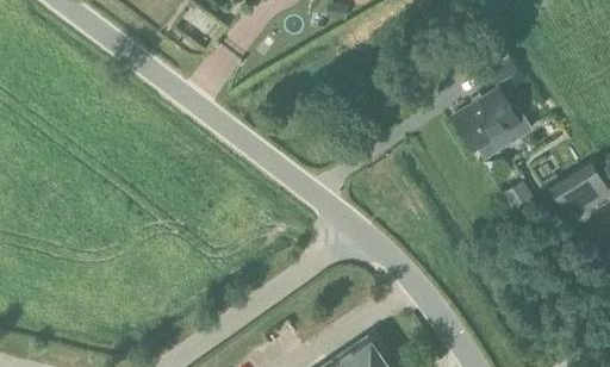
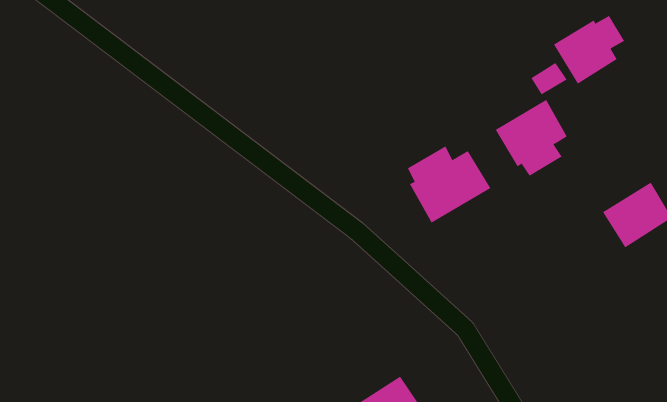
building: none -> [553,15,625,84]
building: none -> [407,146,491,223]

